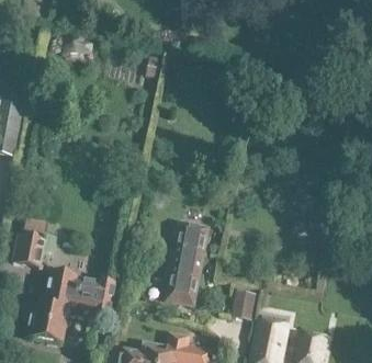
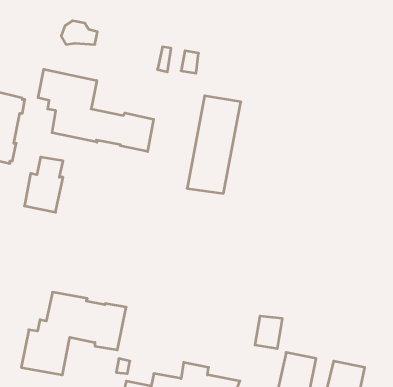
building: none -> [38,69,154,152]
building: [13,219,47,268] -> [24,157,63,212]
building: [162,220,210,306] -> [187,96,241,193]

